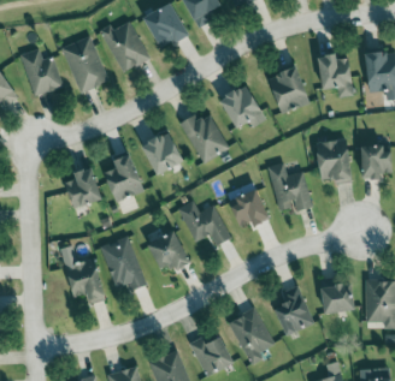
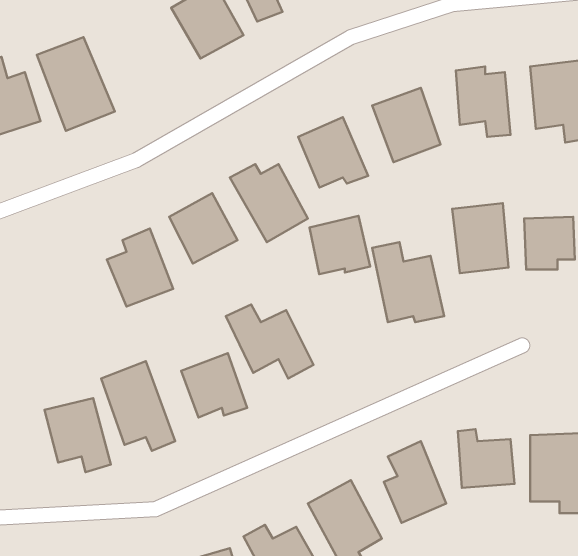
building: [99,22,148,73] -> none
building: [66,168,101,208] -> none
building: [231,190,269,226] -> [310,216,370,274]

